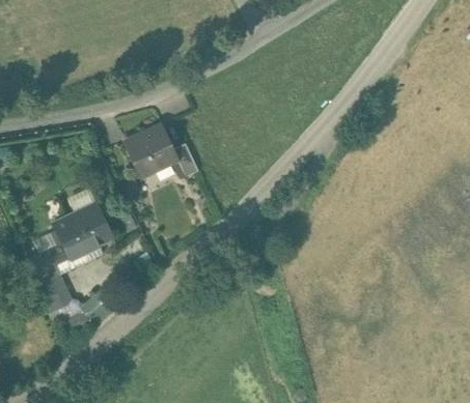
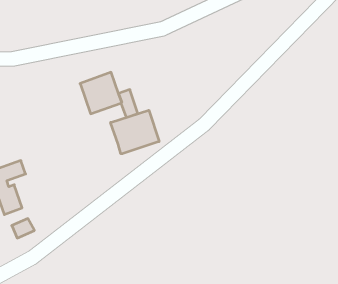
building: none -> [111,110,159,154]
building: [52,202,112,258] -> none

